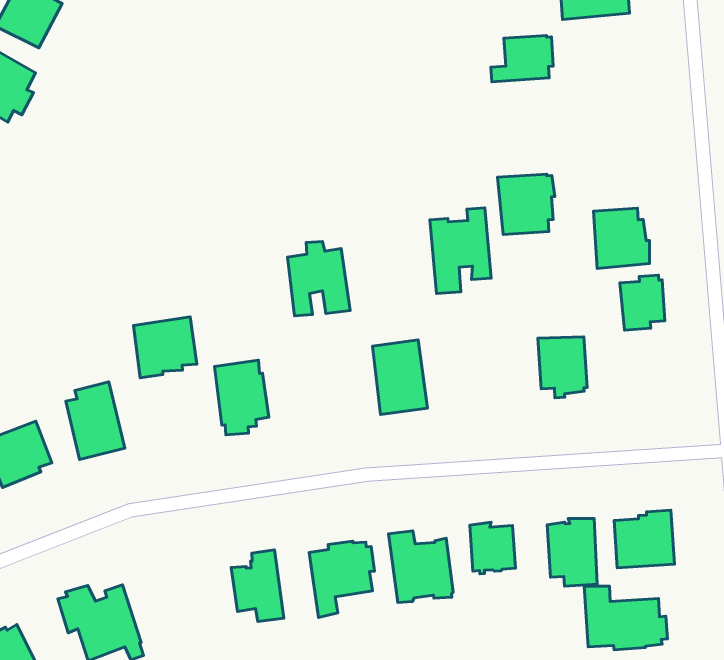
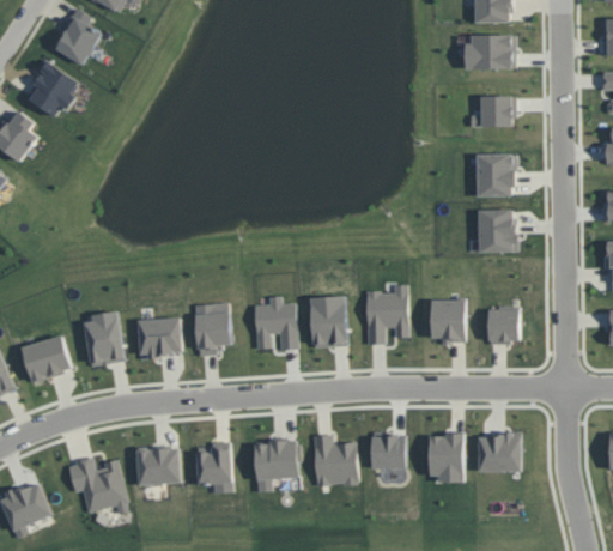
building: [491,35,553,82] -> [469,95,515,126]
building: [498,174,555,234] -> [475,153,516,195]
building: [430,208,491,293] -> [365,284,407,344]
building: [287,242,350,316] -> [254,296,297,349]
building: [620,275,665,330] -> [487,305,518,344]
building: [133,317,197,378] -> [138,316,182,358]
building: none -> [136,447,180,484]
building: [584,586,668,650] -> none

